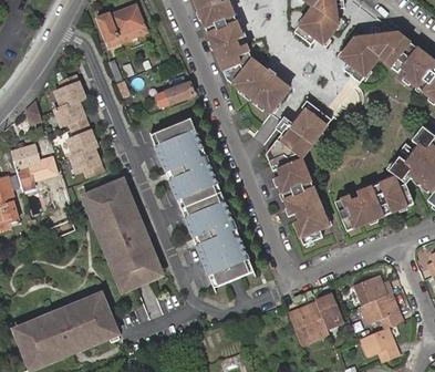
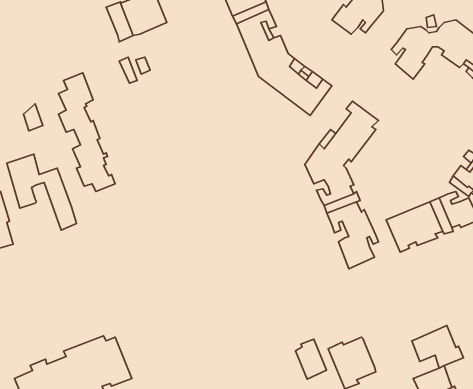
building: [156,80,193,107] -> none
building: [151,120,253,288] -> none
building: [87,180,158,290] -> none
building: [352,273,391,304] -> none
building: [317,293,343,328] -> [296,339,327,379]

